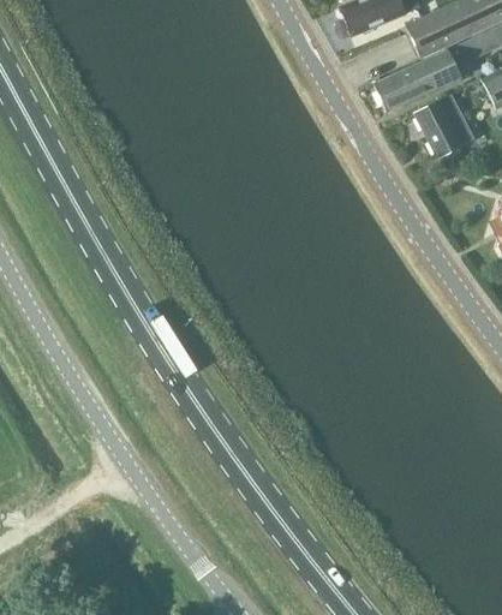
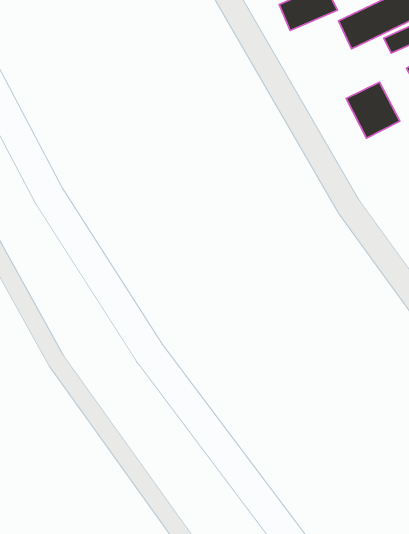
building: [373,48,461,111] -> none

